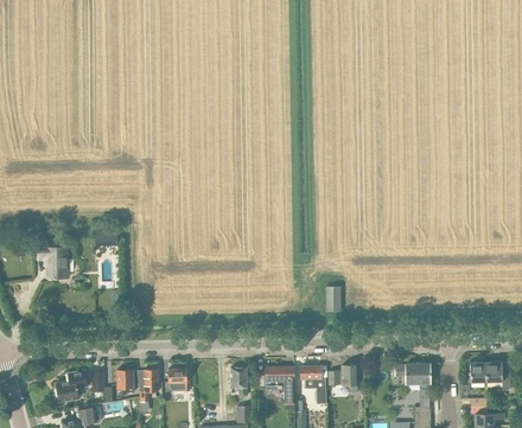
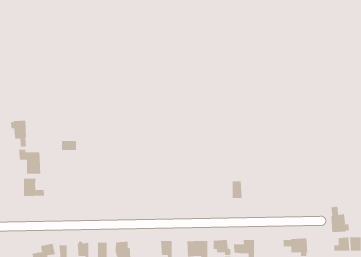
building: none -> [10,120,27,148]
building: none -> [23,178,45,197]
building: none -> [331,206,350,233]

